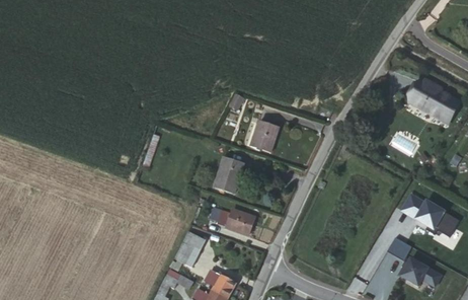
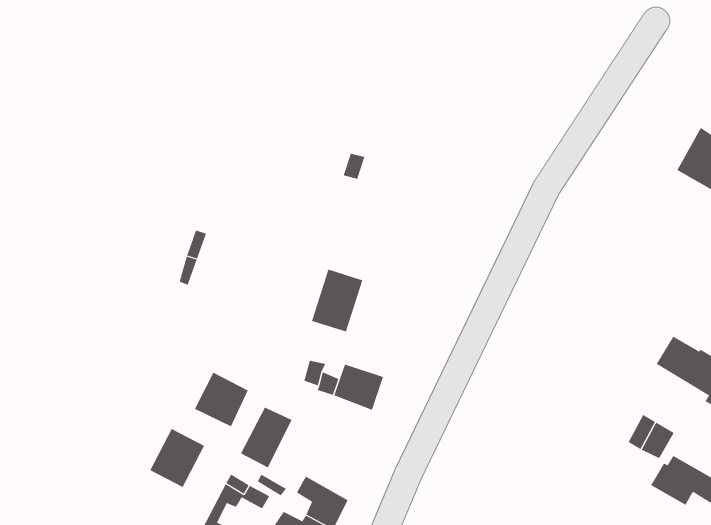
building: [252,121,279,150] -> none
building: none -> [194,372,249,427]
building: none -> [150,428,205,488]

